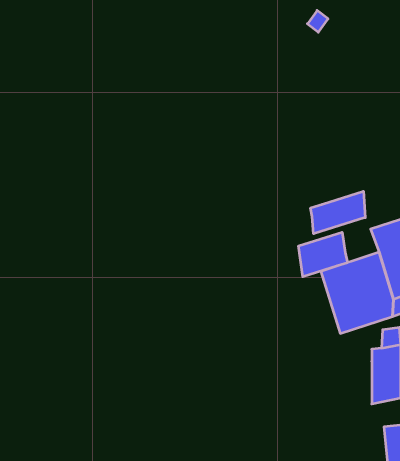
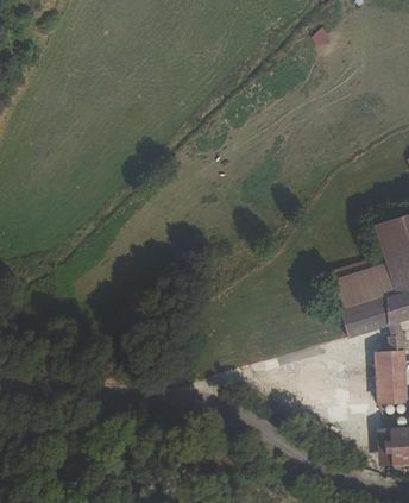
building: [311,191,365,234] -> none
building: [299,232,347,277] -> none

